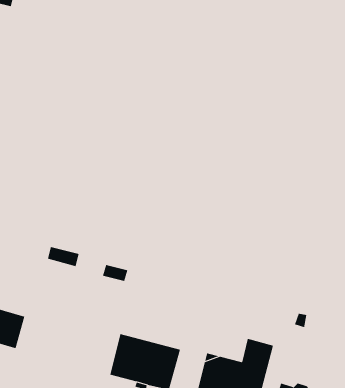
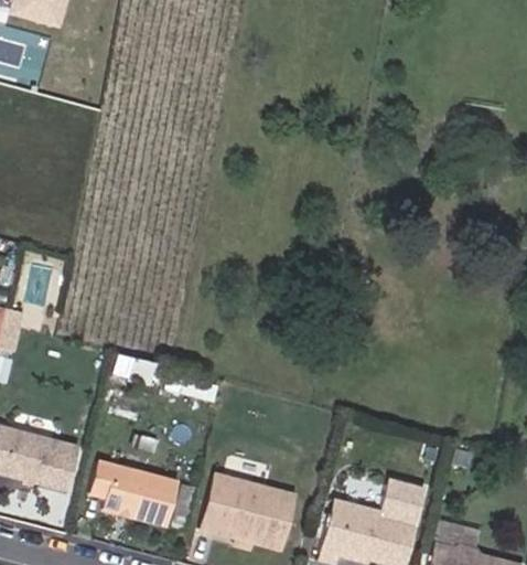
building: none -> [95,462,181,525]

